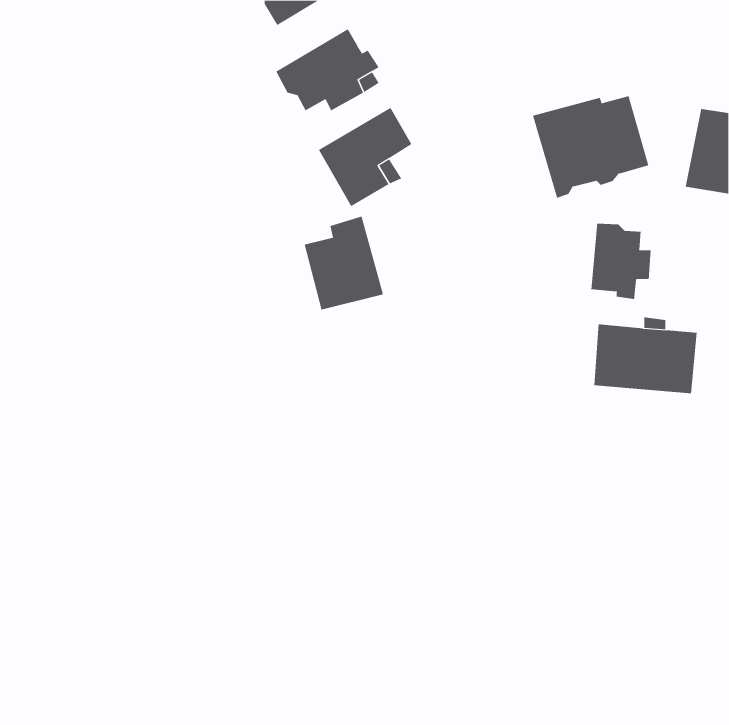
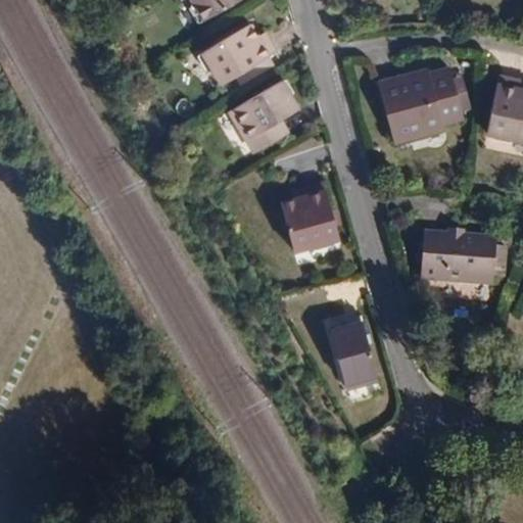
building: [304,216,384,310] -> [279,181,336,248]
building: [591,223,651,300] -> none
building: none -> [329,315,375,386]

